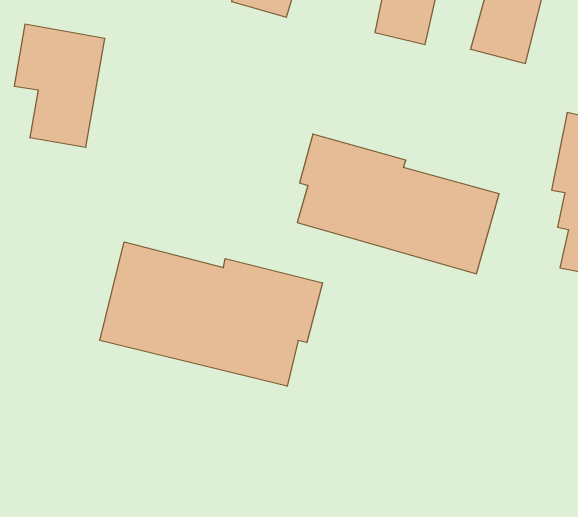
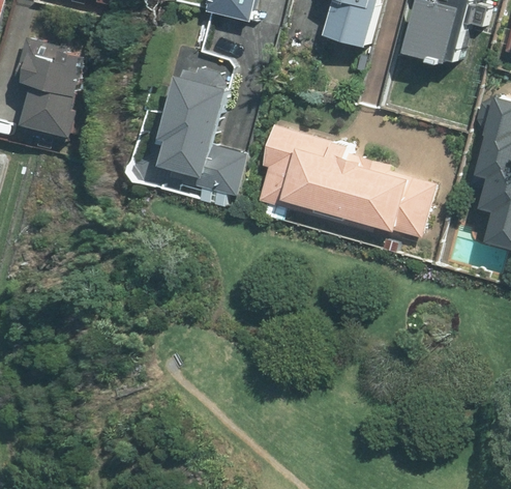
building: none -> [156,69,242,193]
building: [100,242,322,386] -> none

